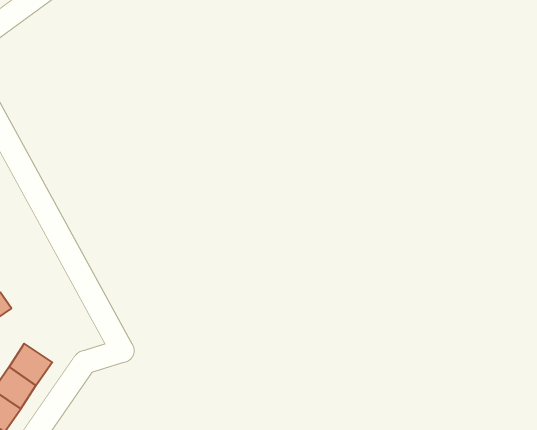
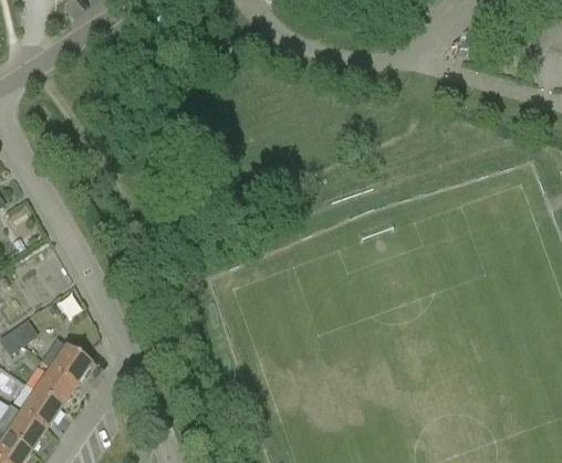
building: none -> [50,343,91,382]

